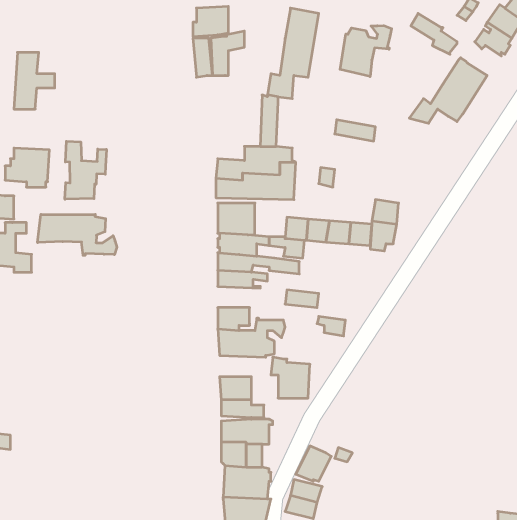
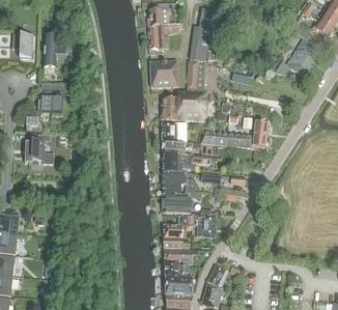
building: [340,26,392,77] -> none
building: none -> [149,59,178,87]
building: [65,141,106,199] -> none
building: [38,214,117,255] -> none
building: none -> [162,171,195,191]

